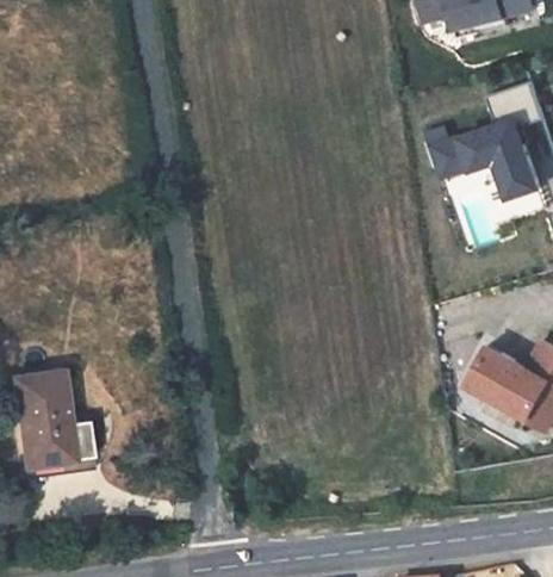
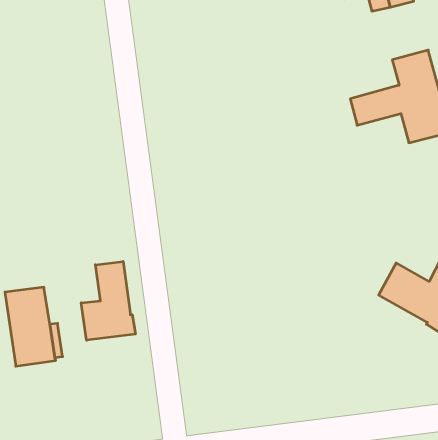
building: none -> [81,261,135,340]

